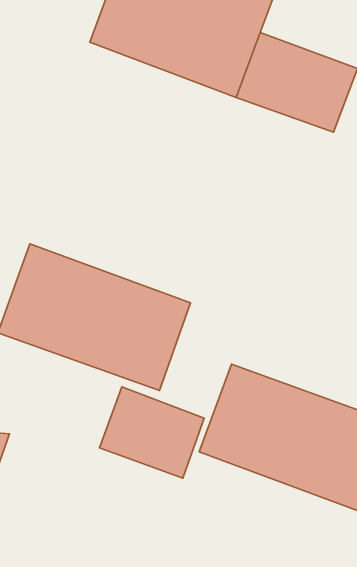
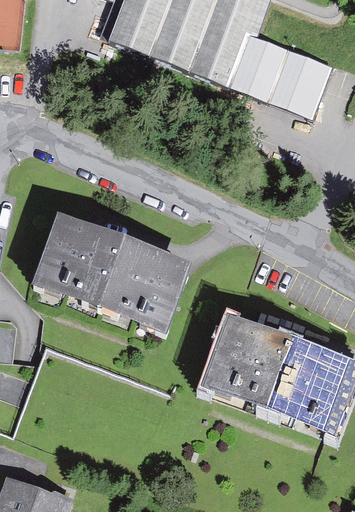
building: [100,387,204,478] -> none

